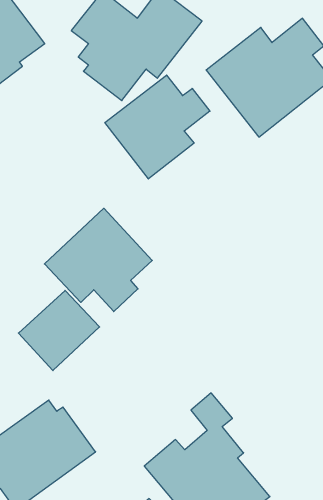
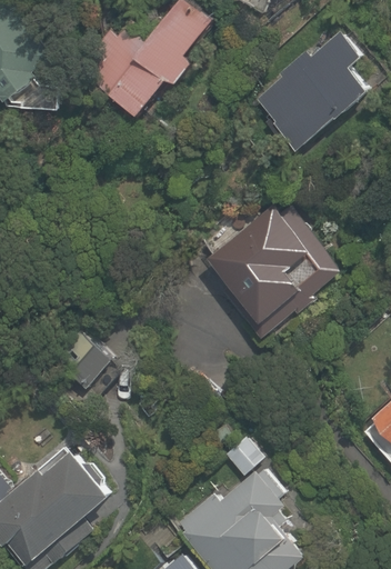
building: [105,75,210,179] -> none
building: none -> [197,206,340,333]
building: [44,208,152,312] -> none

